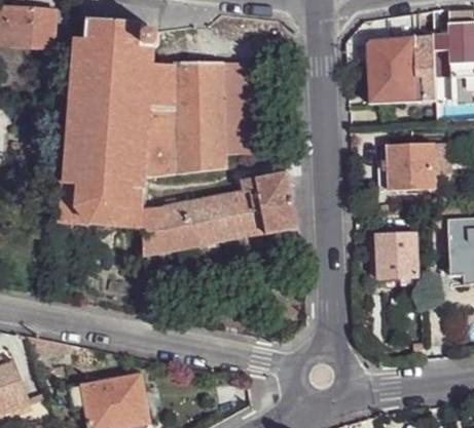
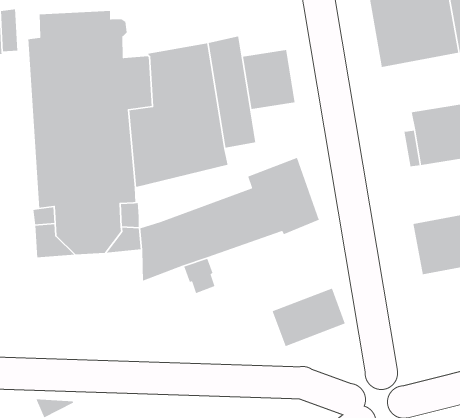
building: none -> [242,49,295,110]
building: none -> [272,288,346,347]

